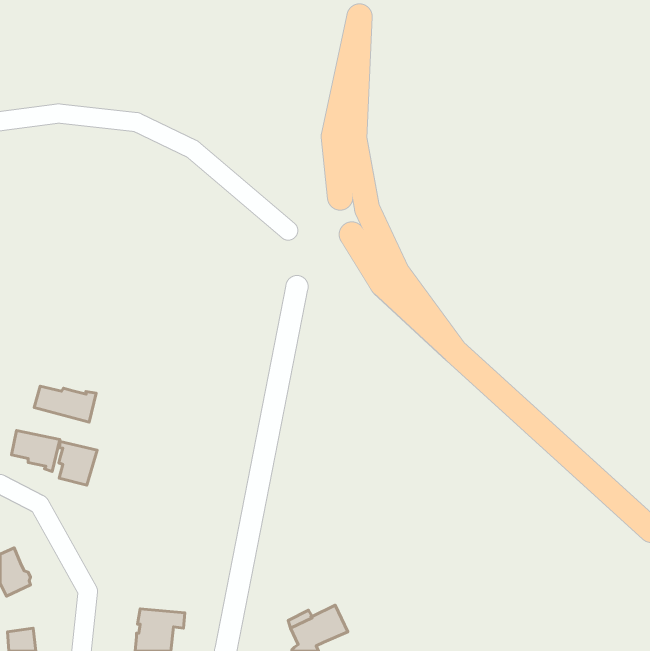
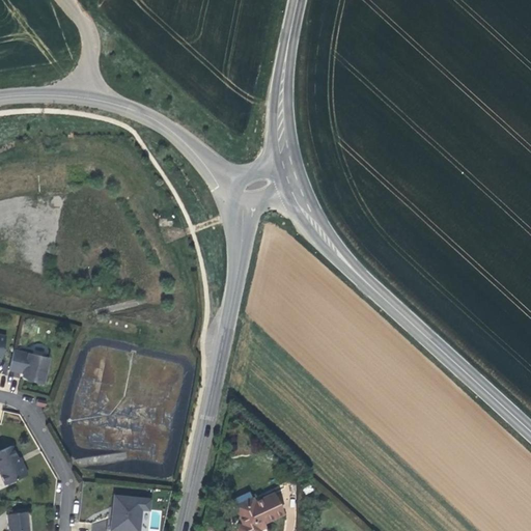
building: [34,386,96,422] -> none
building: [59,441,97,485] -> none

